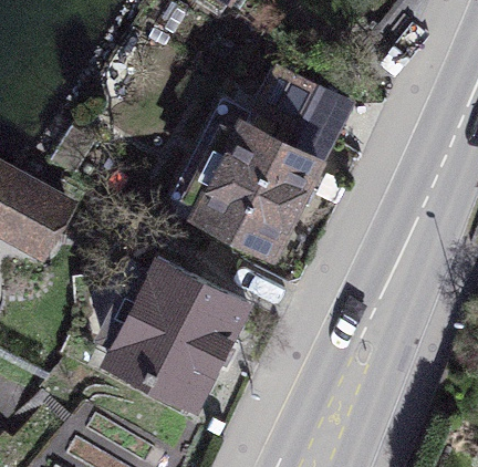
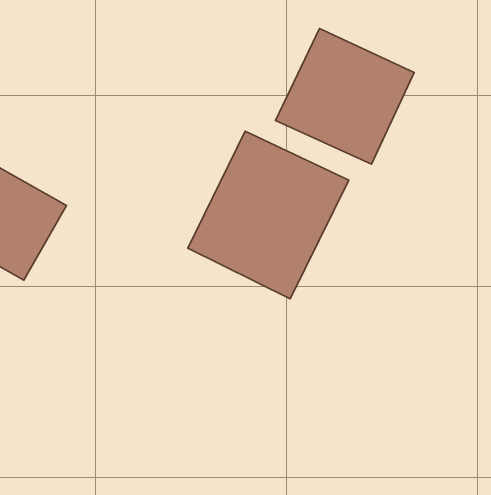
building: [100,256,251,402] -> none

